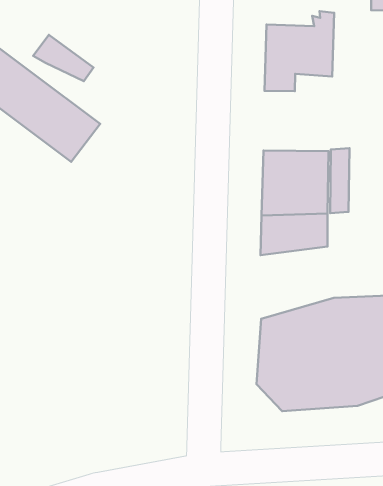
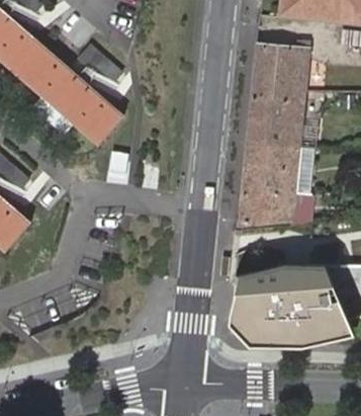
building: none -> [247,88,303,149]

